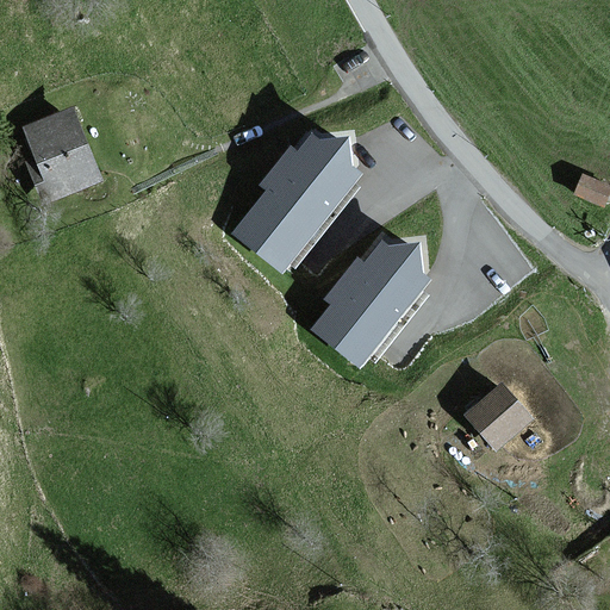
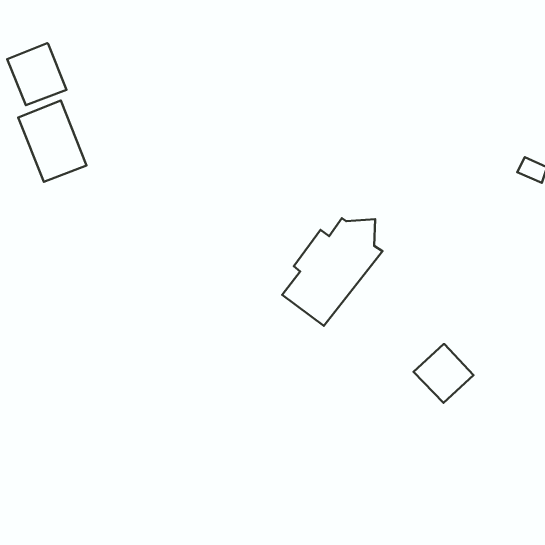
building: none -> [7,43,67,105]
building: [235,135,360,270] -> none

